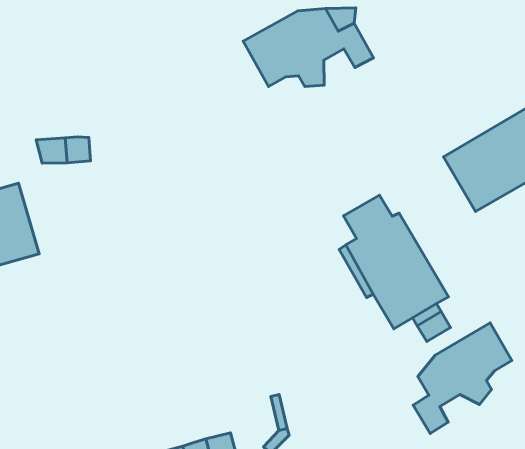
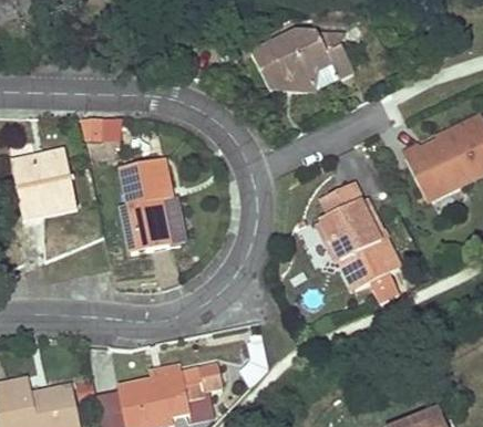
building: none -> [120,157,187,252]
building: [413,323,512,434] -> none

